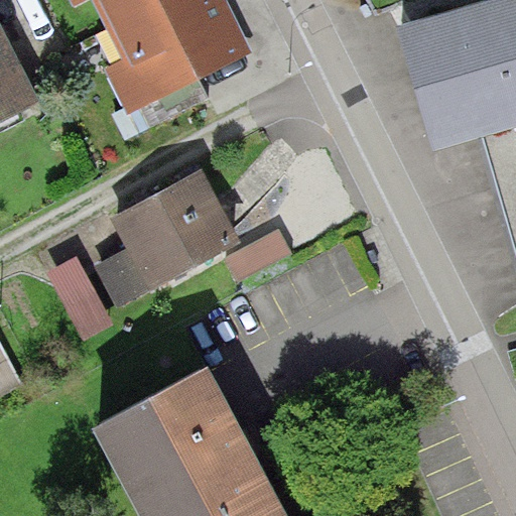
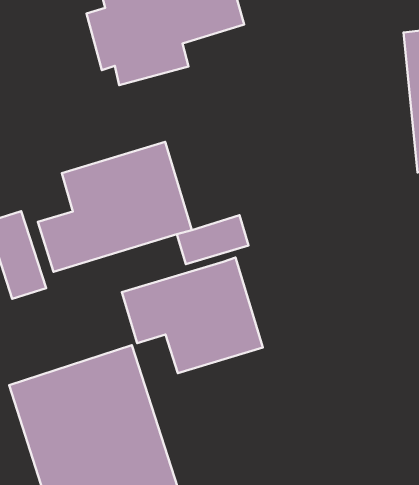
building: none -> [122,258,263,373]

